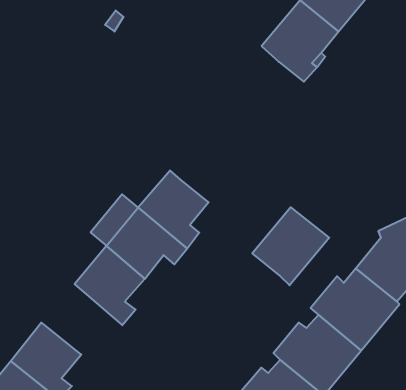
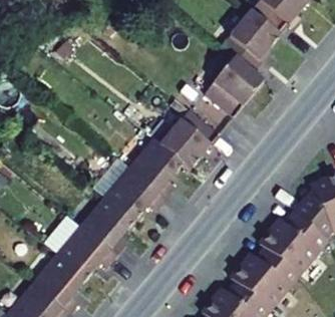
building: none -> [206,56,265,116]
building: [252,207,329,285] -> [161,110,220,170]
building: none -> [56,225,117,278]

